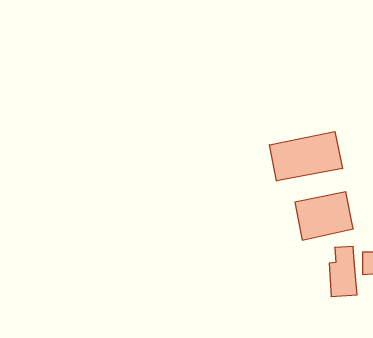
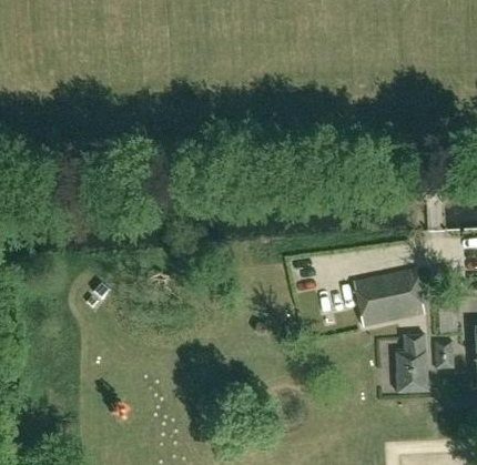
building: [269,132,343,181] -> none

